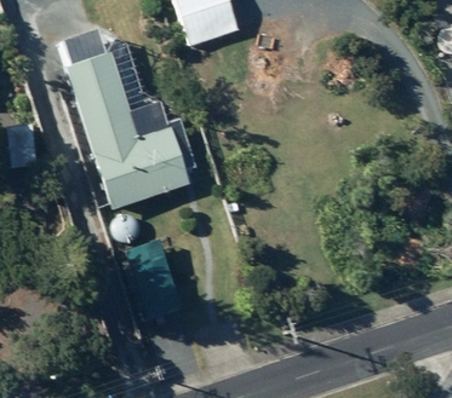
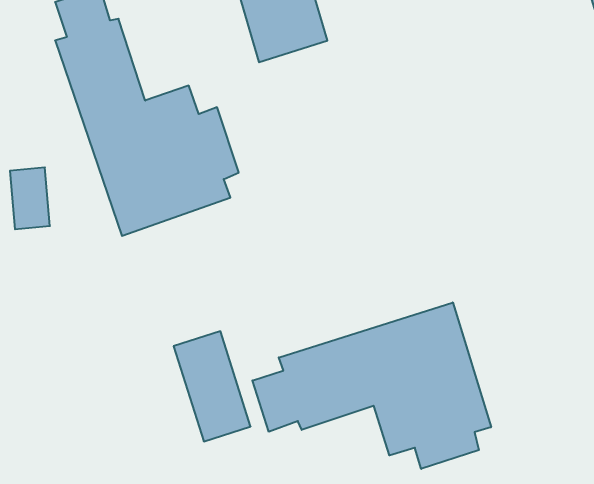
building: none -> [252,302,491,469]

